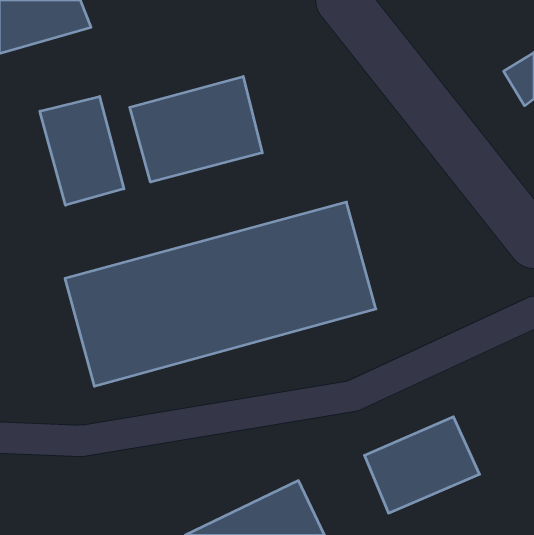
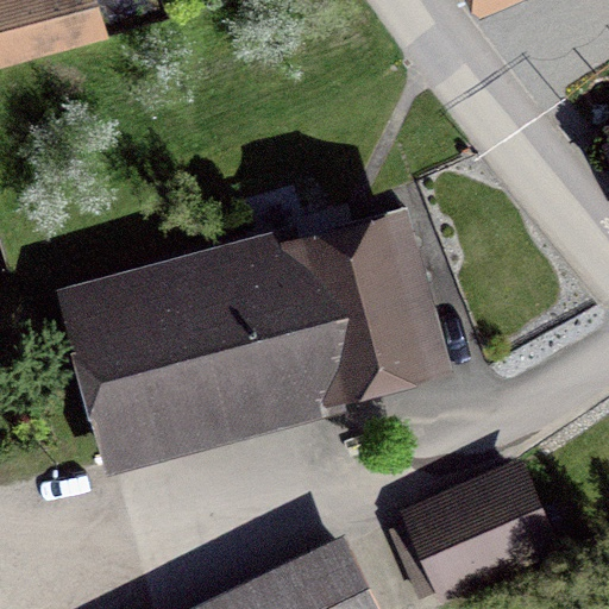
building: [130,76,262,182] -> none
building: [40,96,124,205] -> none

